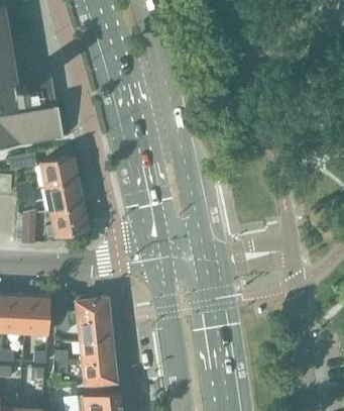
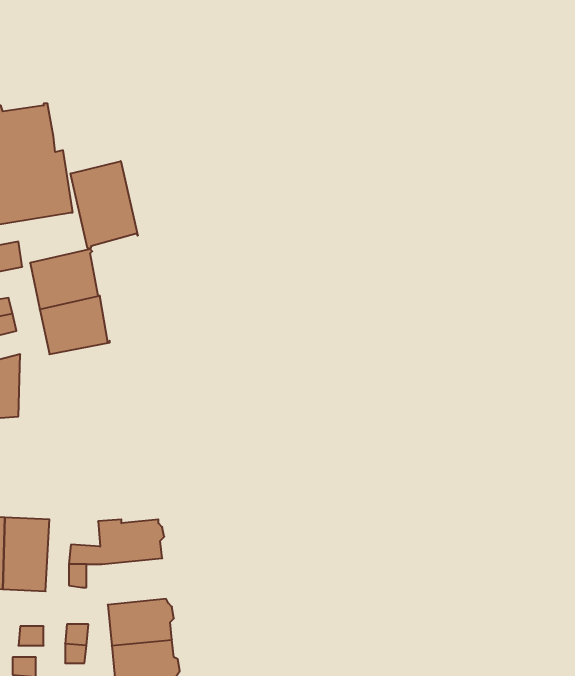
building: none -> [71,161,138,249]
building: [44,204,86,236] -> none
building: [77,316,112,340] -> none

